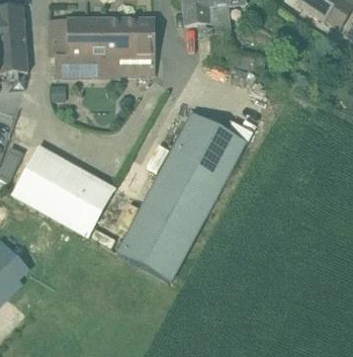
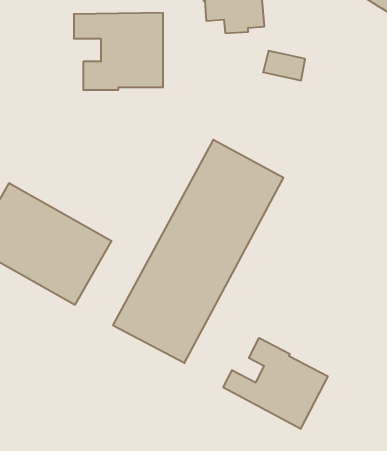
building: [50,19,107,76] -> none
building: none -> [223,338,328,429]

